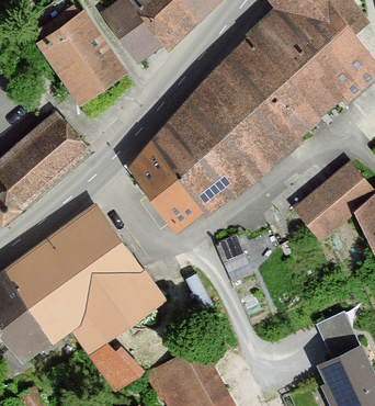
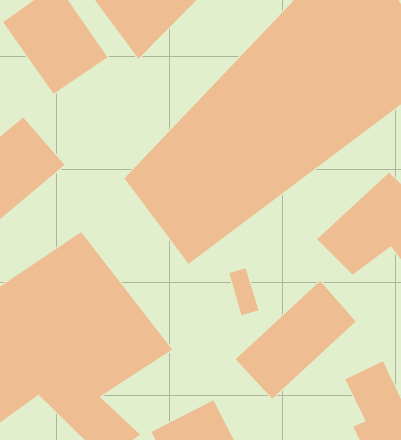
building: none -> [235,280,357,399]

